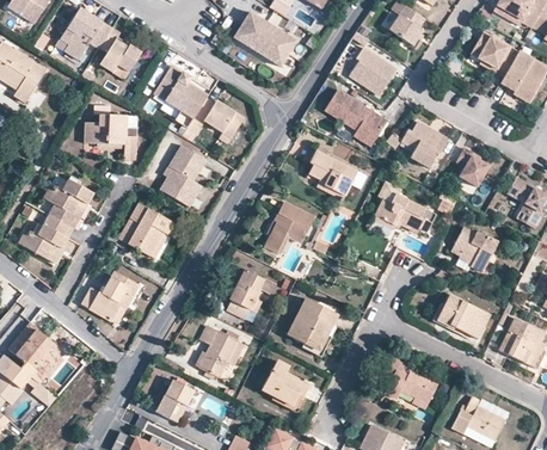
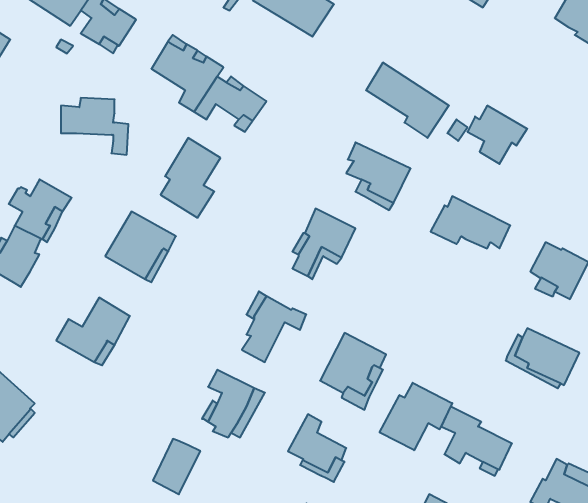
building: [348,47,395,94] -> none
building: [455,147,488,185] -> none
building: none -> [380,383,452,450]

